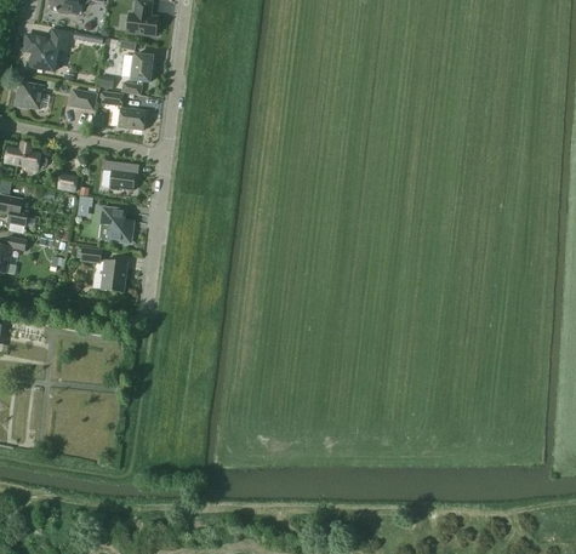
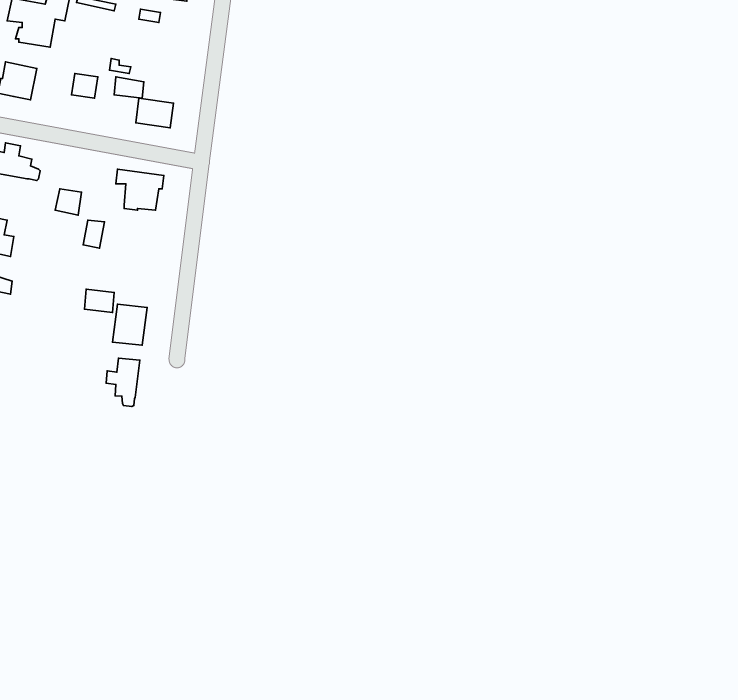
building: [121,55,153,96] -> none
building: [102,209,132,242] -> none
building: none -> [106,358,140,406]

